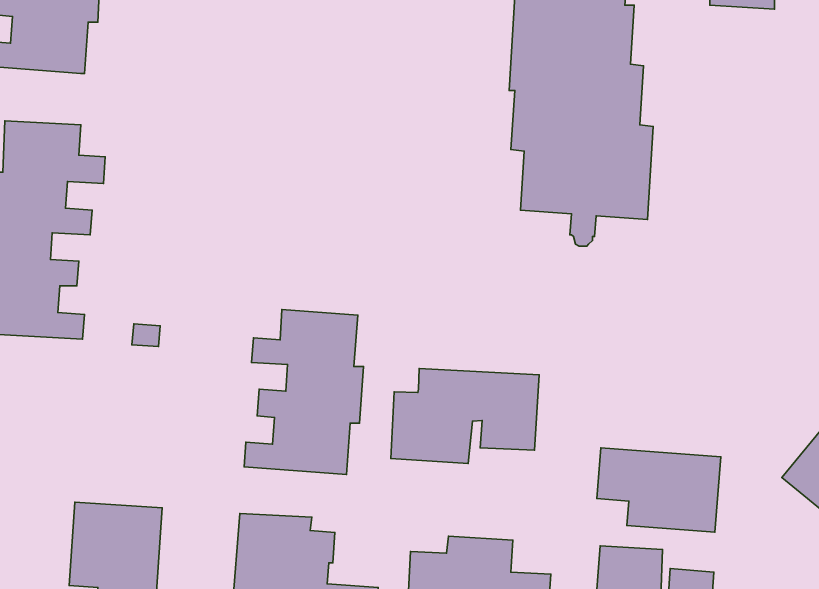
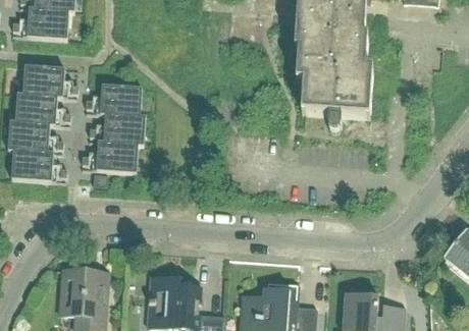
building: [244,310,363,475] -> [82,85,146,173]
building: [391,369,539,464] -> none
building: [597,448,721,532] -> none

